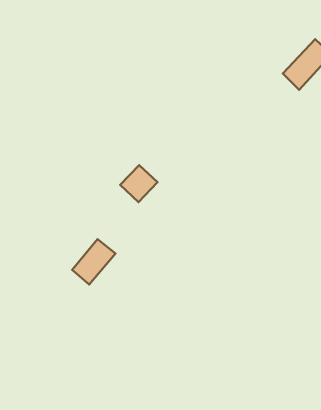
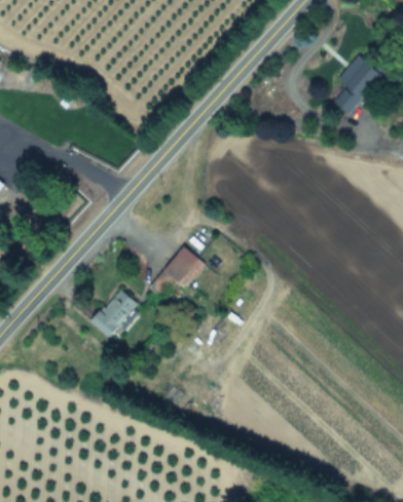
building: [120,165,157,202] -> [162,245,205,287]

